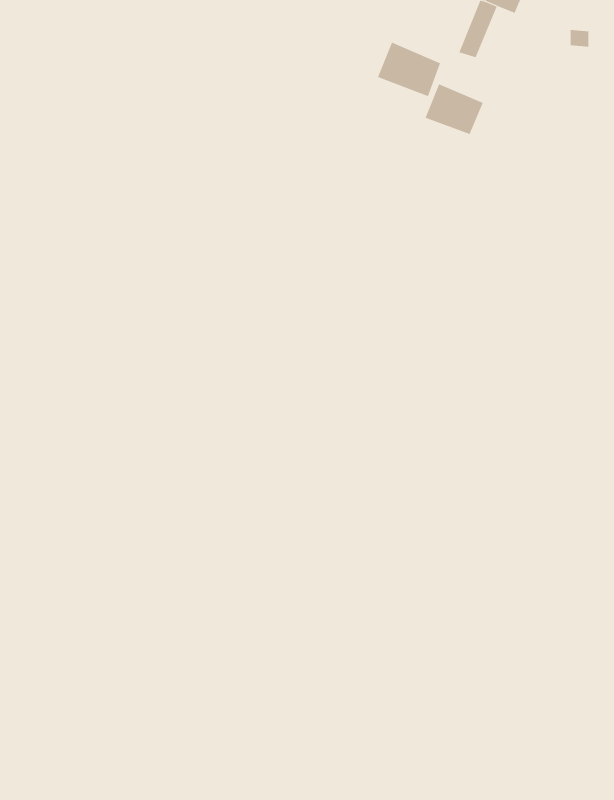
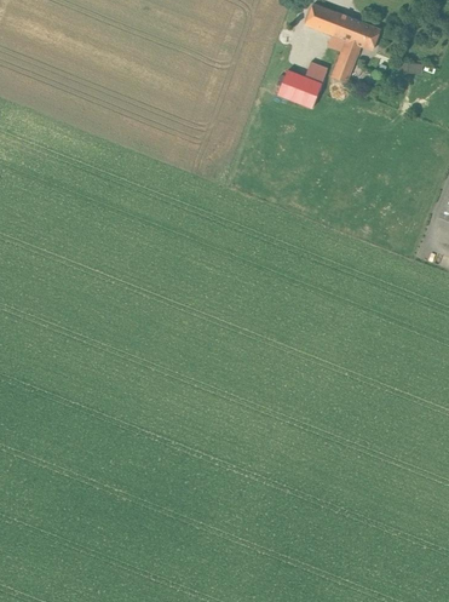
building: [425,84,484,135] -> none

